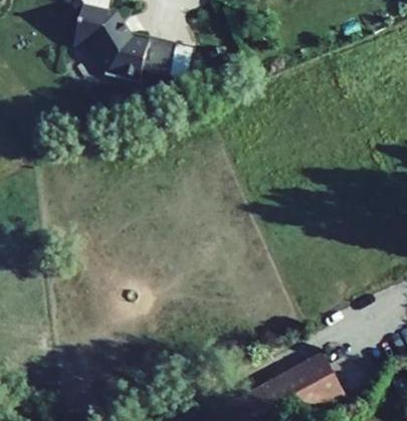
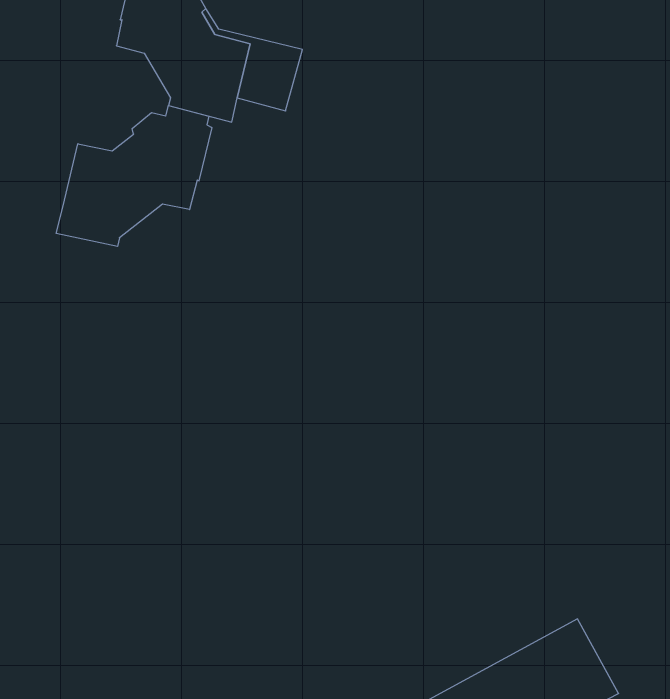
building: none -> [56,105,212,246]

